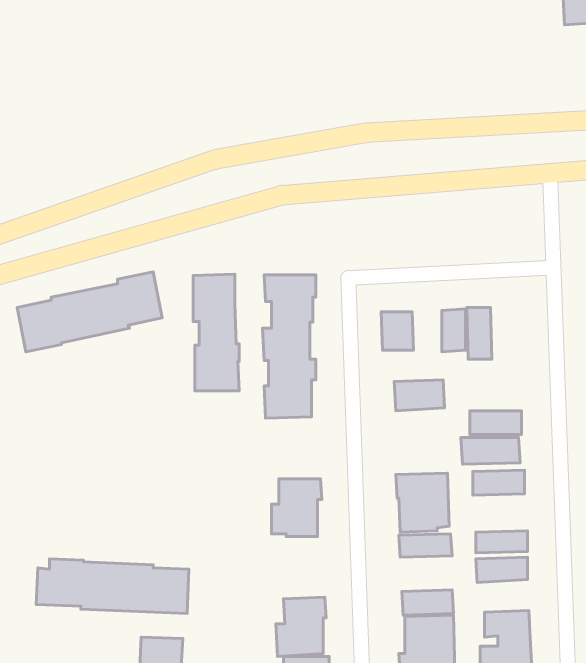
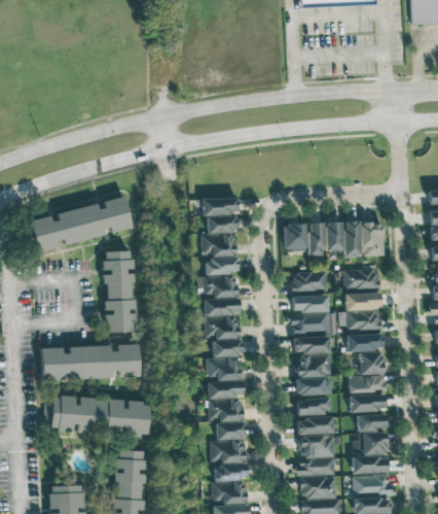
building: [193,274,239,391] -> [104,250,136,332]
building: none -> [308,222,325,255]
building: none -> [362,222,385,256]
building: none -> [344,269,378,289]
building: none -> [289,296,337,334]
building: none -> [205,299,241,339]
building: none -> [42,344,140,379]
building: none -> [358,351,384,374]
building: none -> [209,381,244,421]
building: none -> [297,398,330,414]
building: none -> [358,414,387,432]

